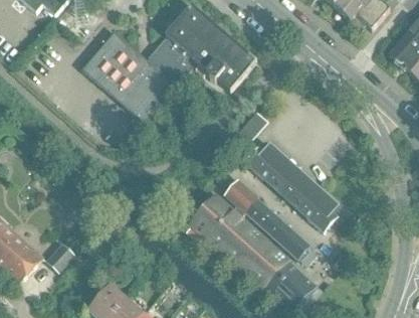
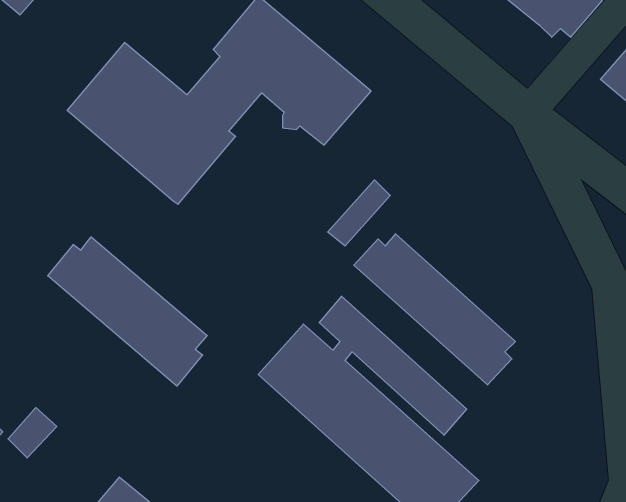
building: none -> [48,237,207,386]

